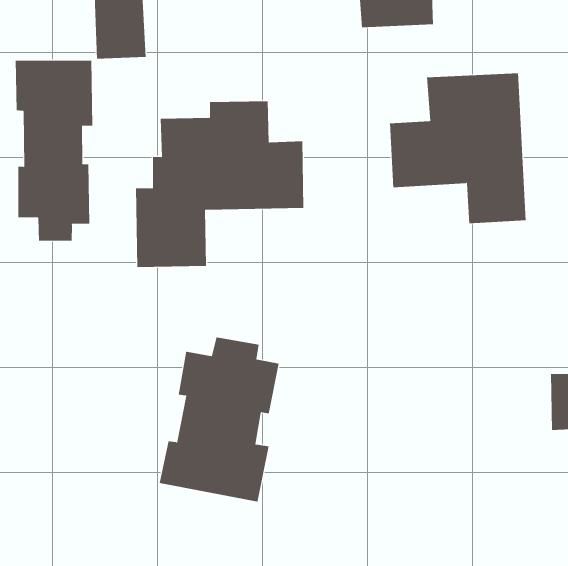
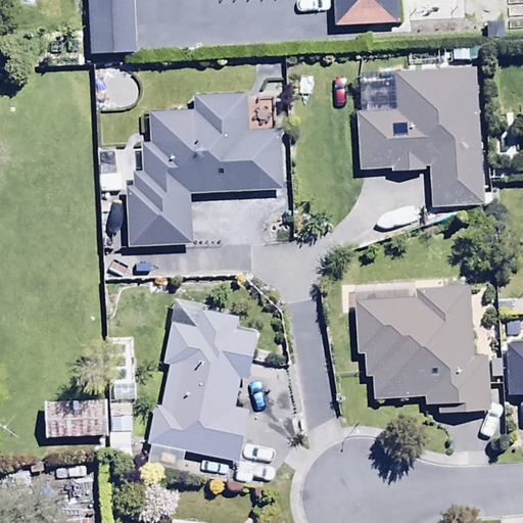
building: [15,60,93,242] -> none
building: none -> [355,282,489,410]
building: none -> [45,397,108,434]

